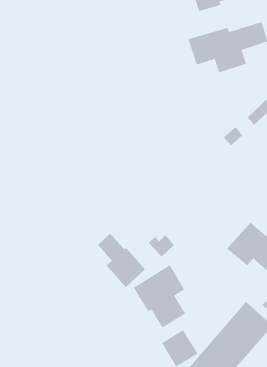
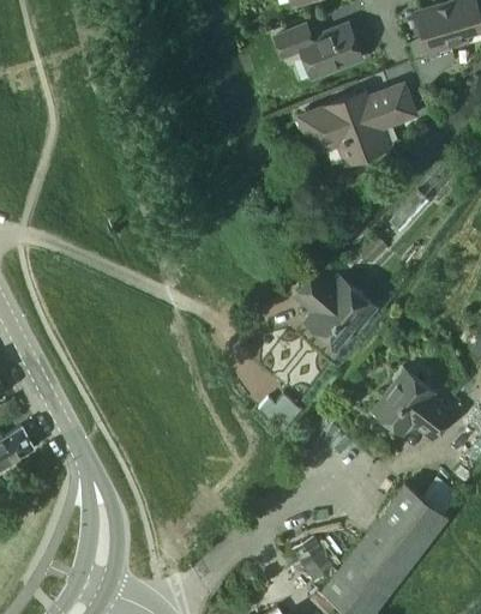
building: none -> [294,271,375,348]
building: [97,233,146,288] -> none
building: [133,264,186,328] -> none

